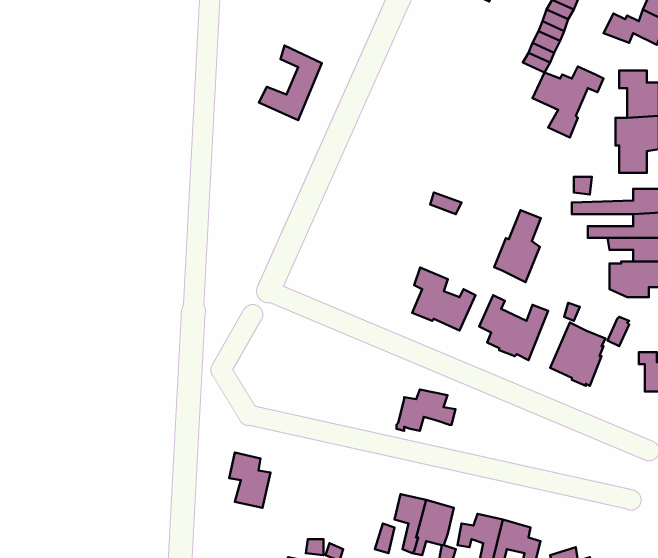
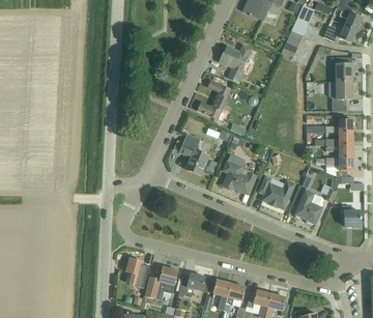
building: [259,45,322,120] -> [197,80,230,119]
building: [533,67,604,138] -> [219,45,256,82]
building: [494,210,541,282] -> none
building: none -> [172,134,208,174]
building: [396,389,455,431] -> [178,273,209,295]
building: none -> [145,266,178,300]

